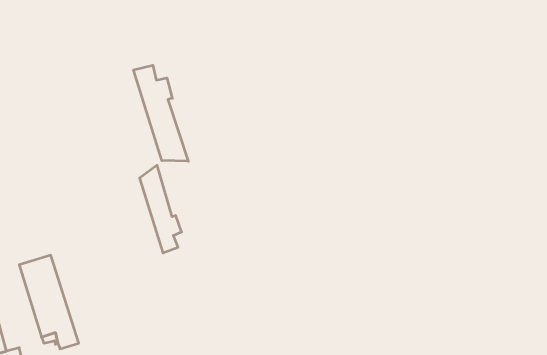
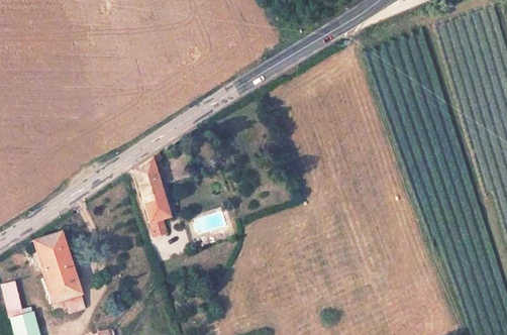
building: [134,65,188,161] -> none

